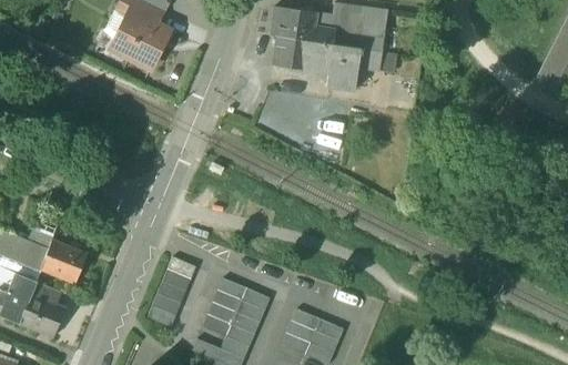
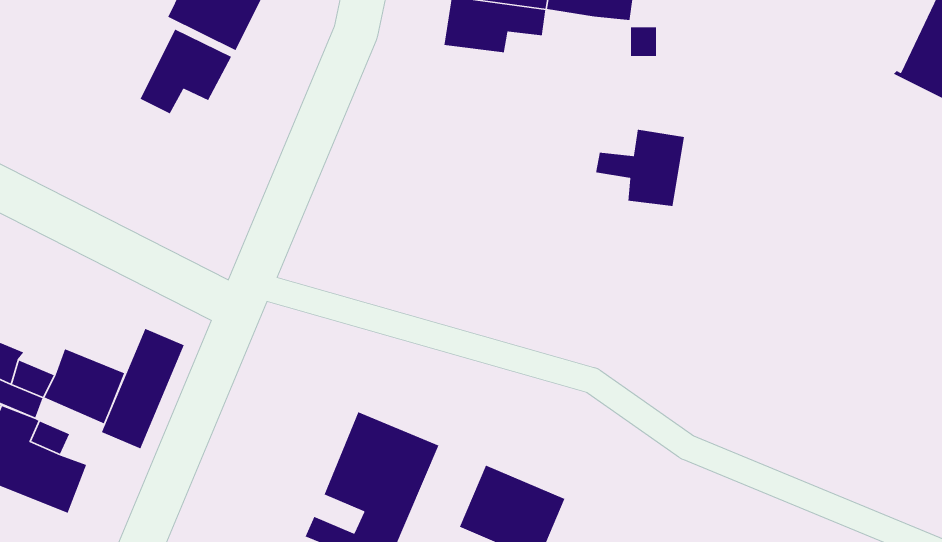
building: [308,43,361,89] -> [595,129,685,207]
building: none -> [139,29,232,114]
building: [148,256,196,327] -> [101,328,185,450]

